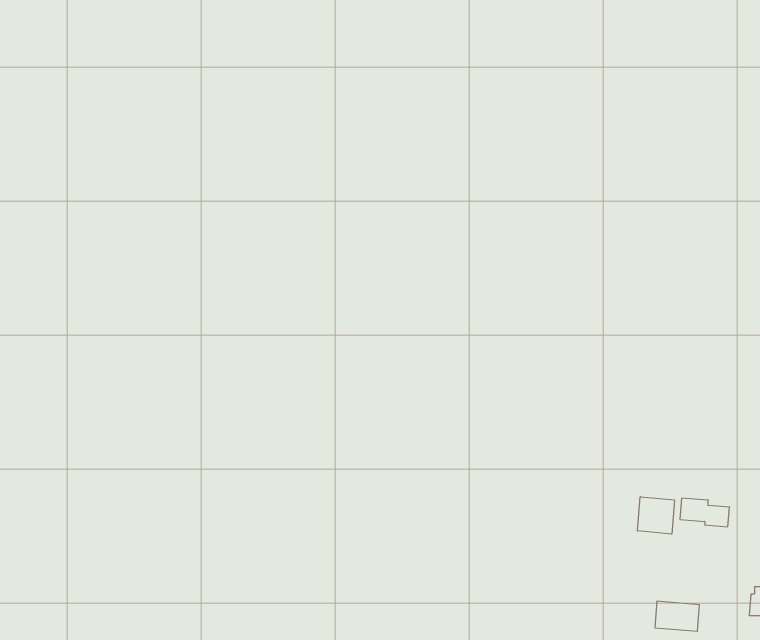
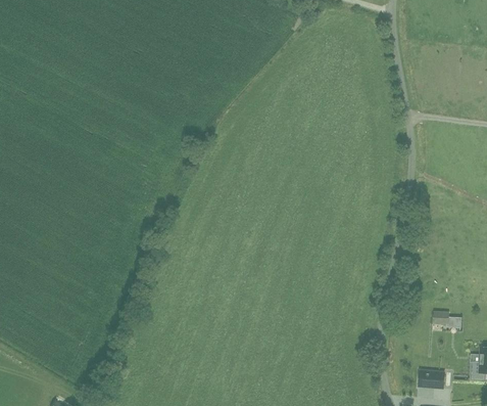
building: [637,497,675,534] -> none

